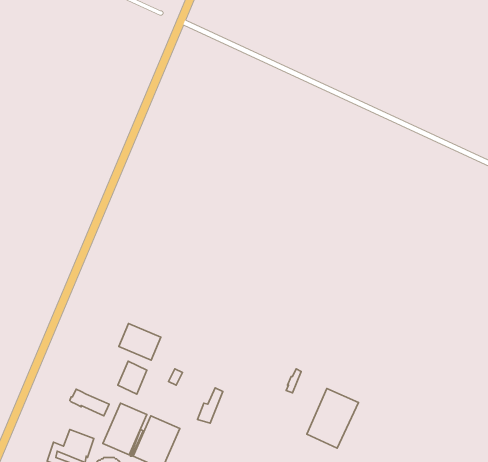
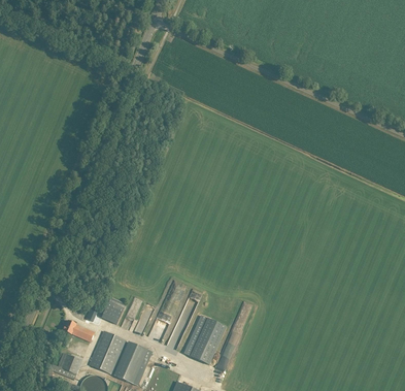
building: [119,324,161,360] -> none
building: [307,389,359,448] -> [183,316,226,364]

